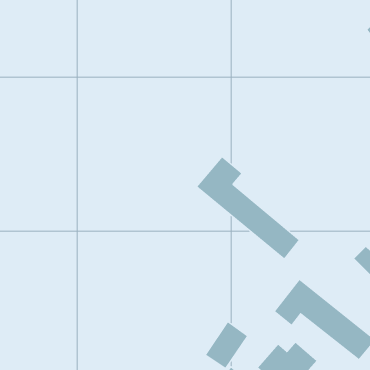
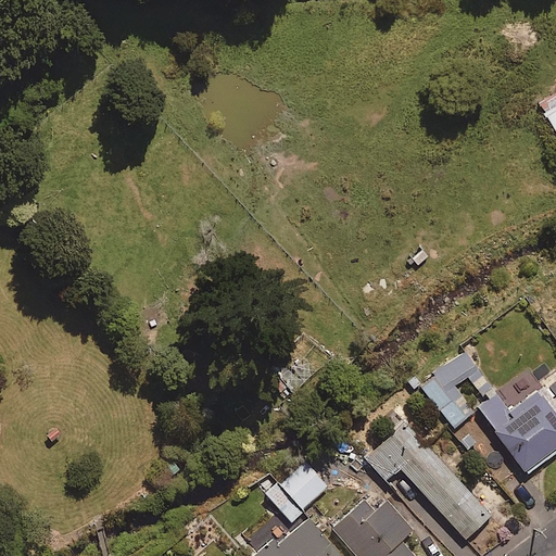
building: [196,156,300,259] -> none
building: none -> [419,351,477,428]

